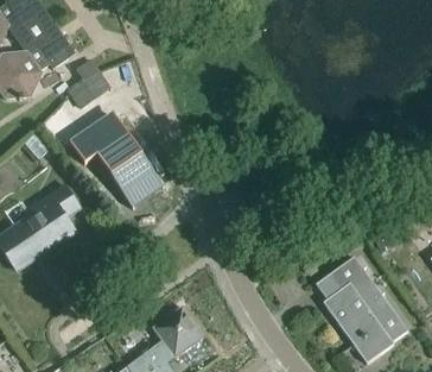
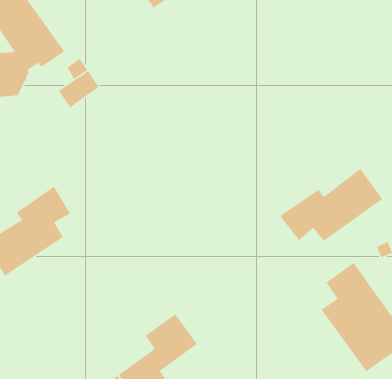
building: [72,119,157,197] -> none
building: none -> [279,168,383,242]

